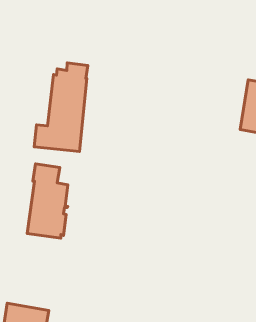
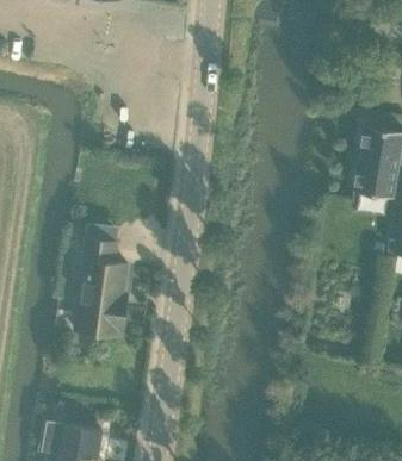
building: [34,63,88,151] -> none

